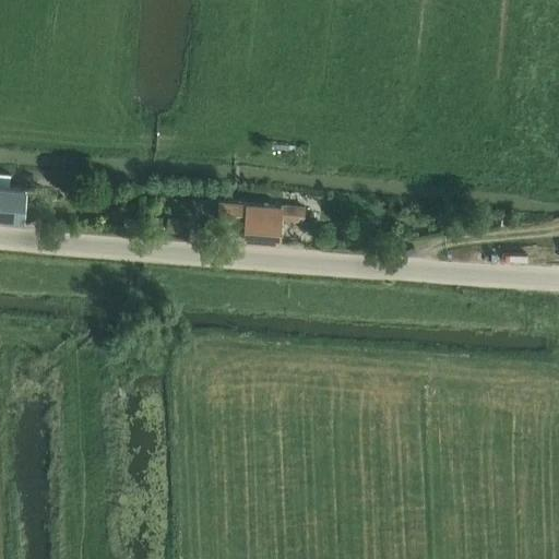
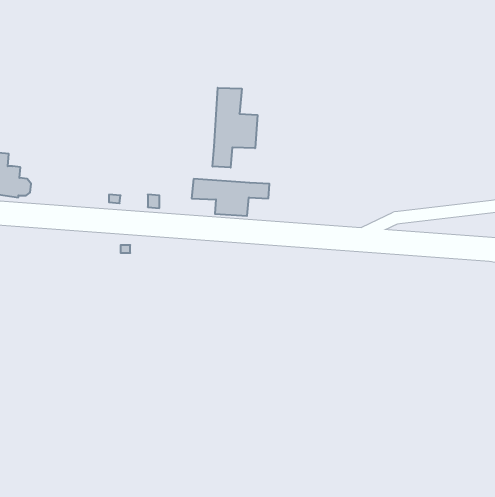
building: none -> [213,88,257,168]

